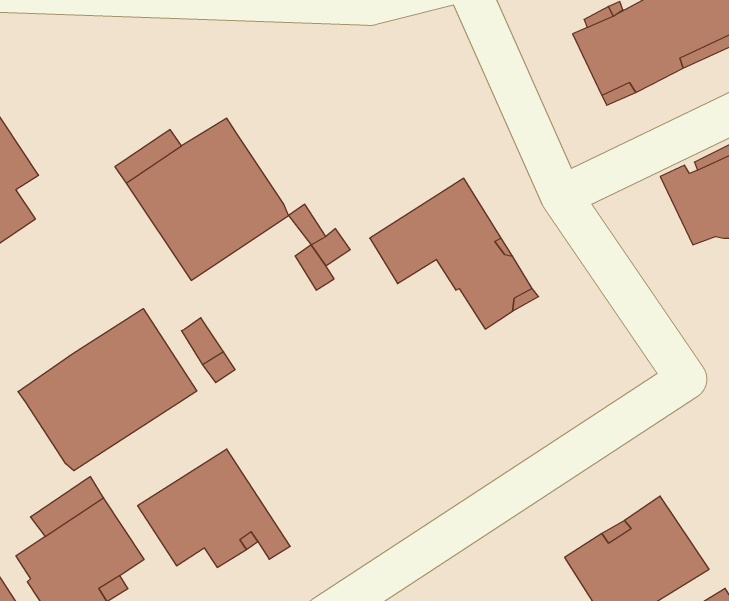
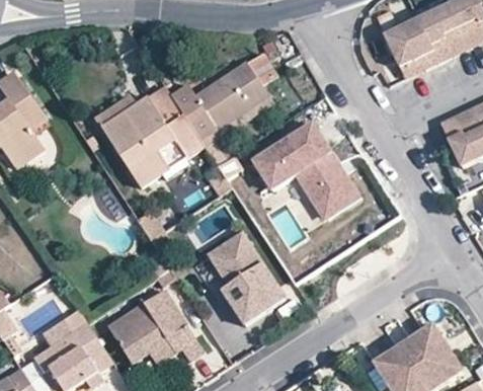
building: none -> [169,61,268,140]
building: [18,309,197,471] -> none
building: none -> [192,231,286,323]

